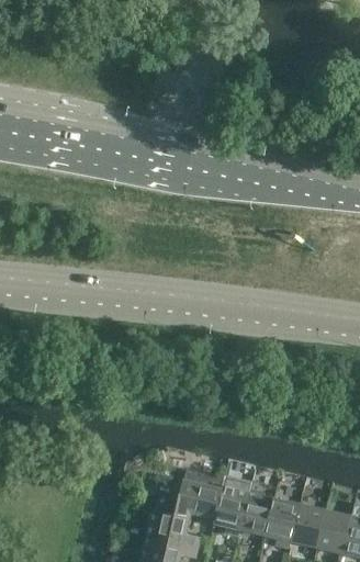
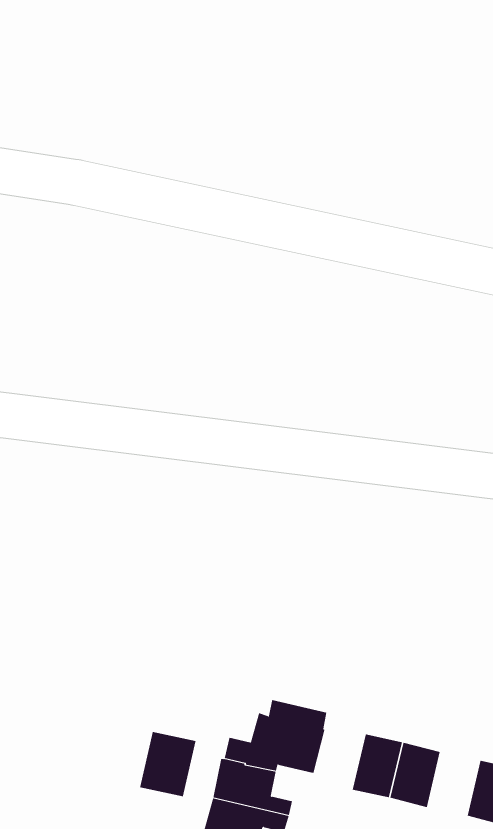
building: [214,475,252,530] -> none
building: none -> [139,731,196,797]
building: [292,505,327,548] -> none

